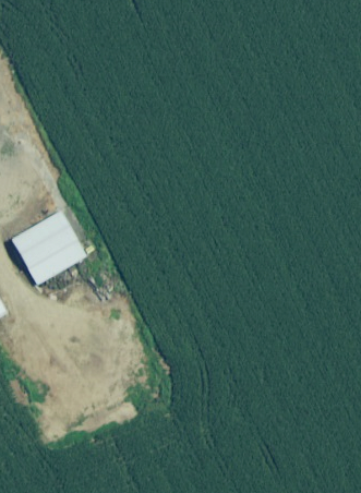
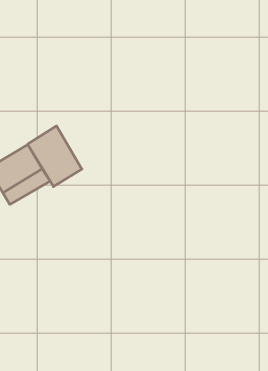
building: none -> [28,126,82,187]

